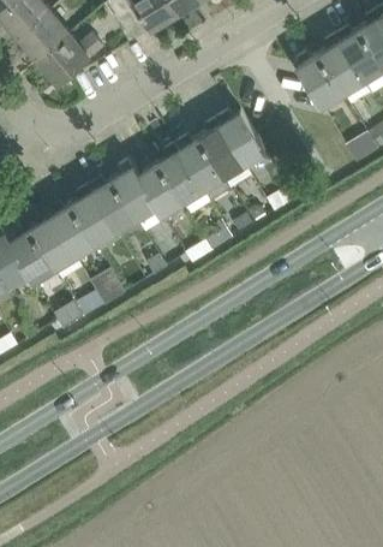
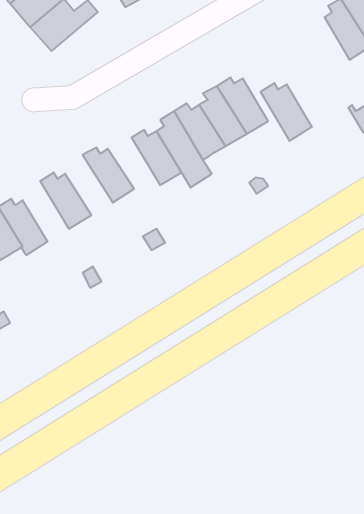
building: [295,52,345,107] -> [261,83,312,141]
building: [113,160,163,218] -> none
building: [72,185,122,252] -> none
building: [31,210,76,268] -> none

